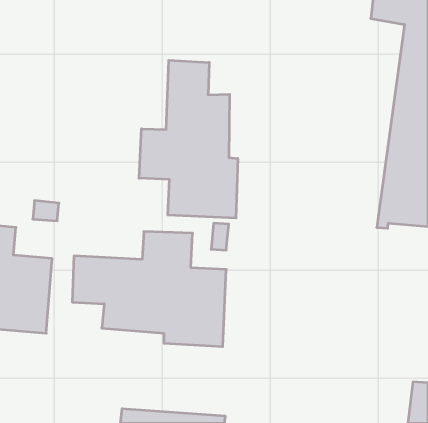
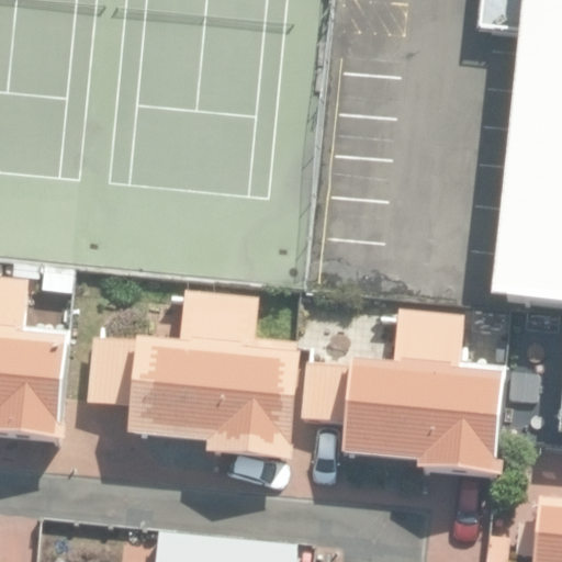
building: [139,60,238,218] -> none
building: none -> [303,319,503,474]

